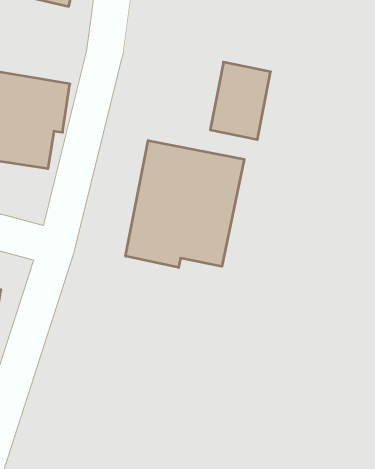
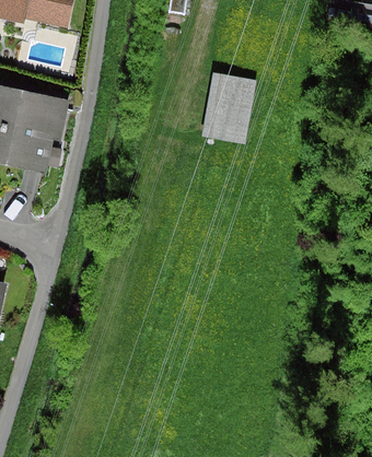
building: [126,140,244,268] -> none

